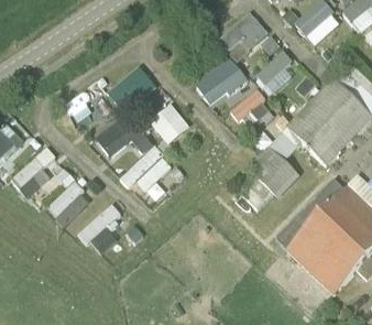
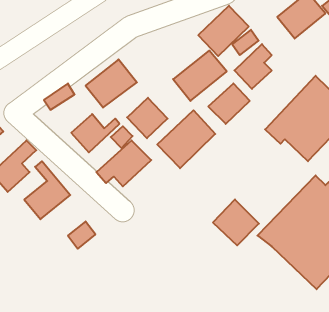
building: none -> [157,110,215,168]
building: [251,148,297,194] -> [213,199,259,245]

